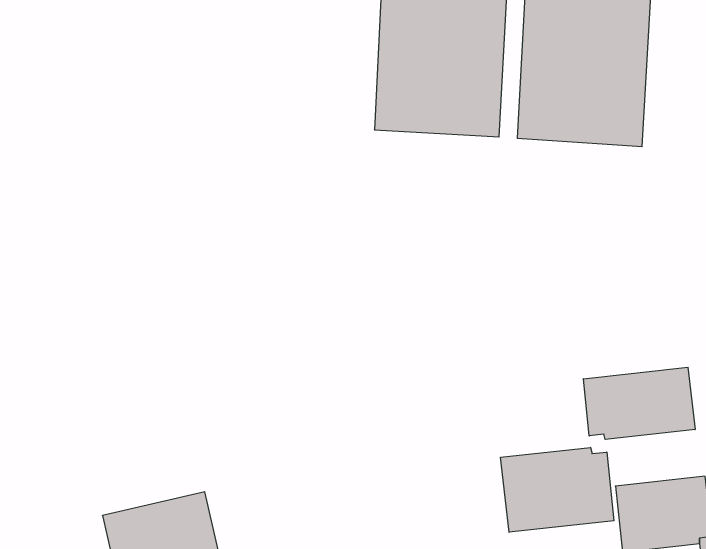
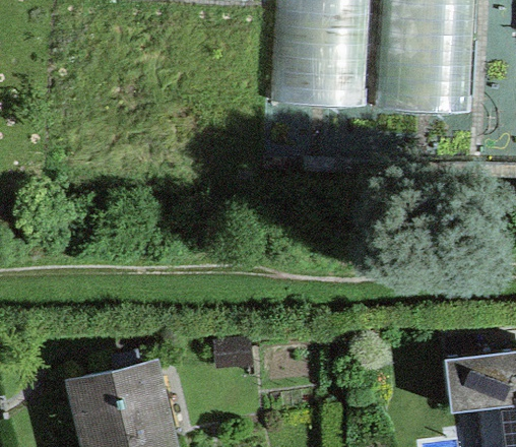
building: [583,367,695,439] -> none
building: [501,447,614,532] -> none

